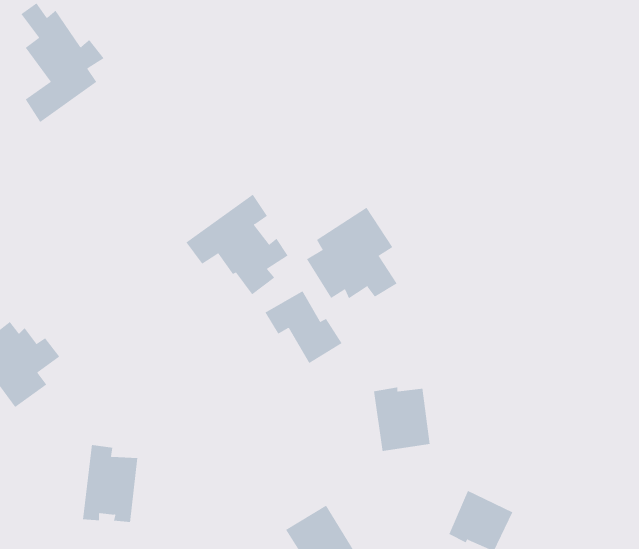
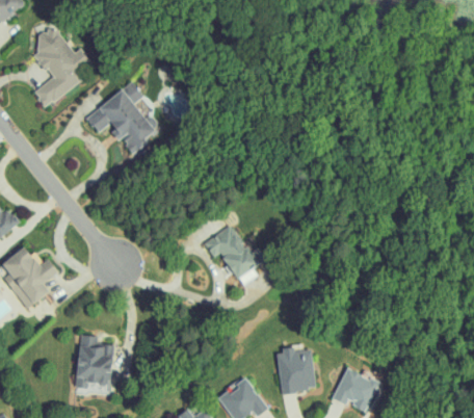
building: [186,194,289,295] -> [85,82,158,154]
building: [306,207,397,299] -> none
building: [373,387,430,451] -> [275,348,316,394]

